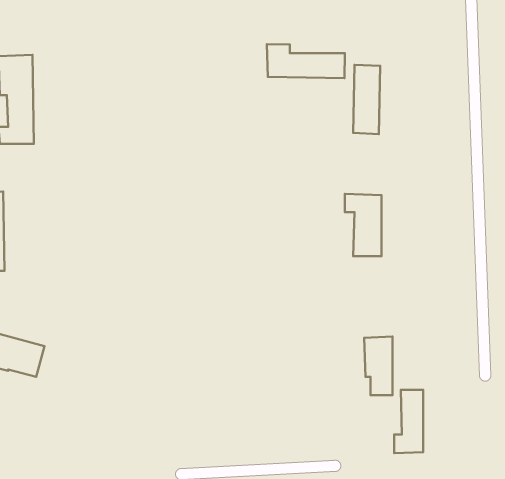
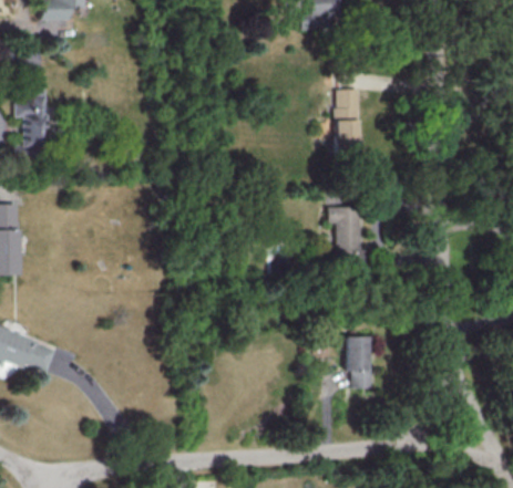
building: [267,44,345,78] -> none
building: [394,390,423,453] -> none

